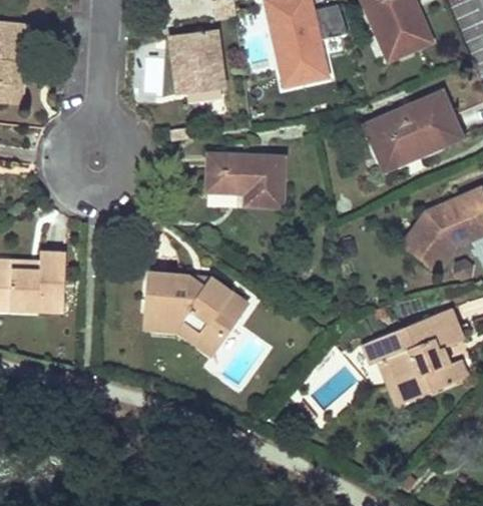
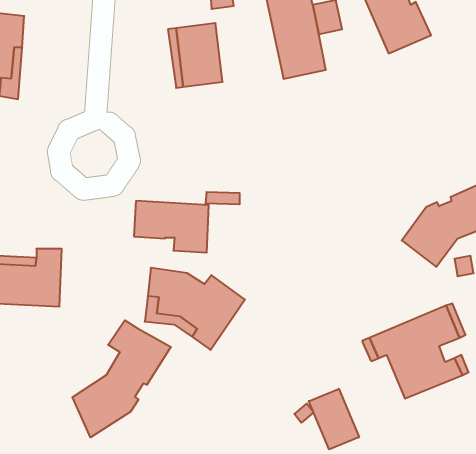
building: [366,92,461,162] -> none
building: [210,153,285,204] -> [134,201,209,253]
building: none -> [72,320,171,437]
building: none -> [309,389,359,449]

